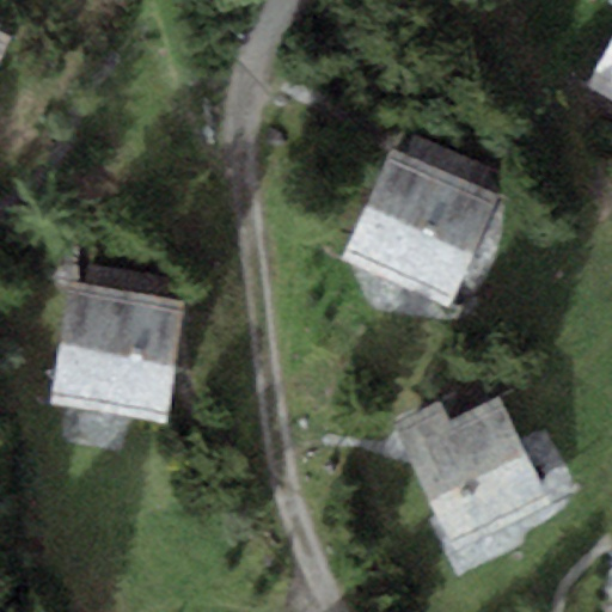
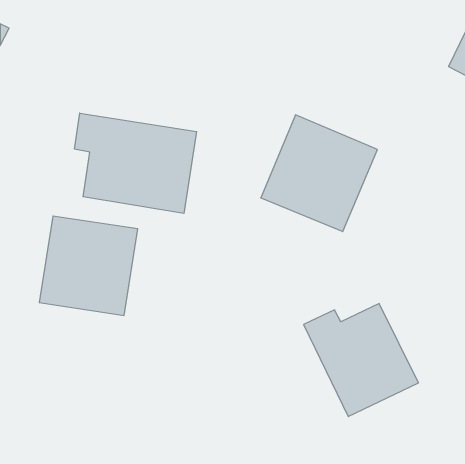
building: none -> [75,113,197,213]

